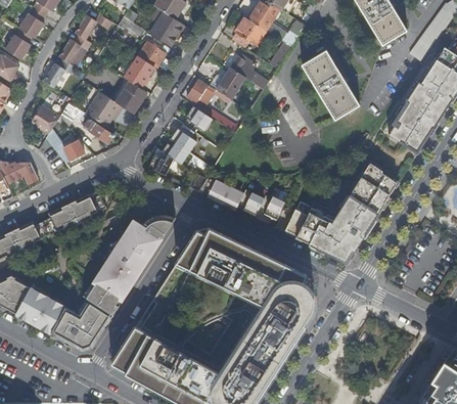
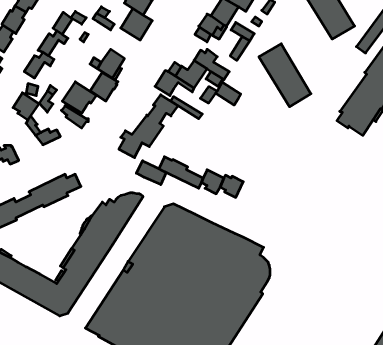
building: [137,41,165,68] -> none
building: none -> [200,82,241,105]
building: [285,164,396,263] -> none
building: none -> [136,161,166,185]

